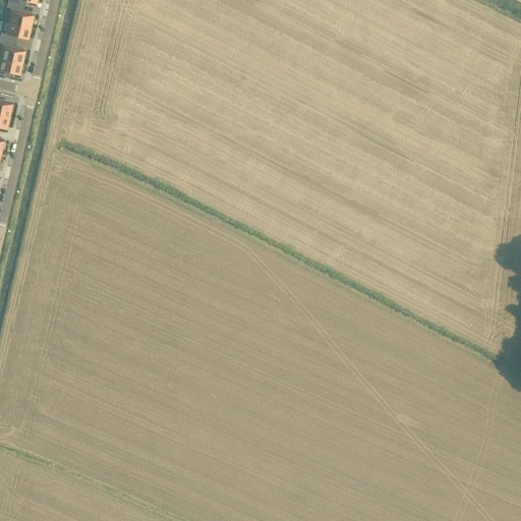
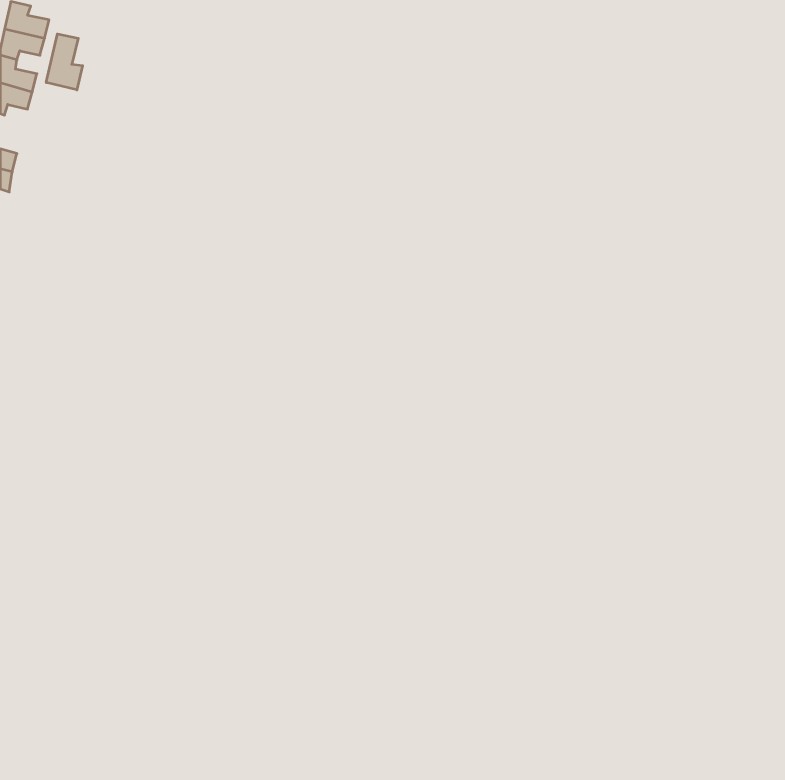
building: none -> [46,34,83,90]

